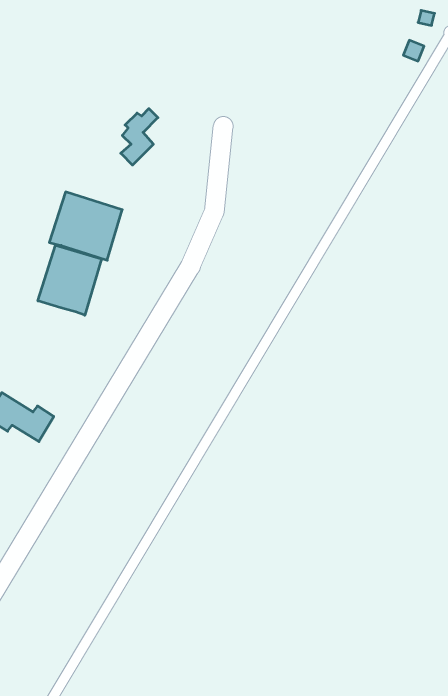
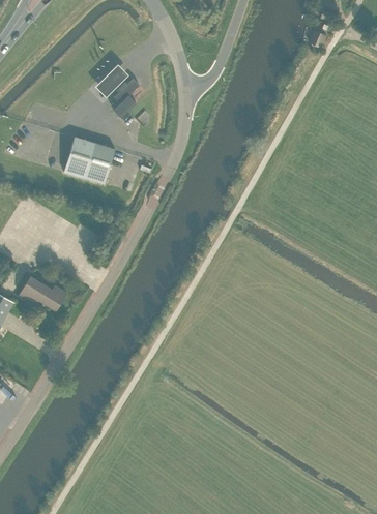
building: none -> [94,62,128,96]
building: [38,245,102,315] -> none

